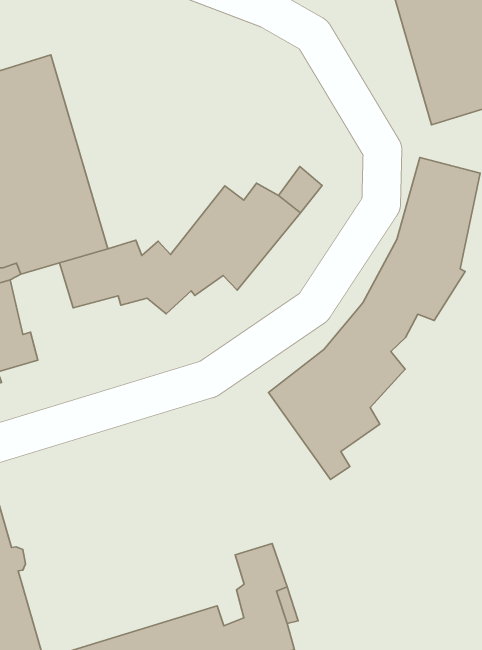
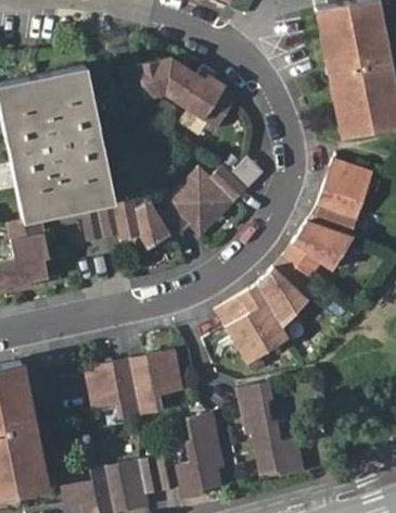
building: none -> [123,57,237,129]
building: none -> [86,348,184,417]
building: none -> [237,381,306,475]

